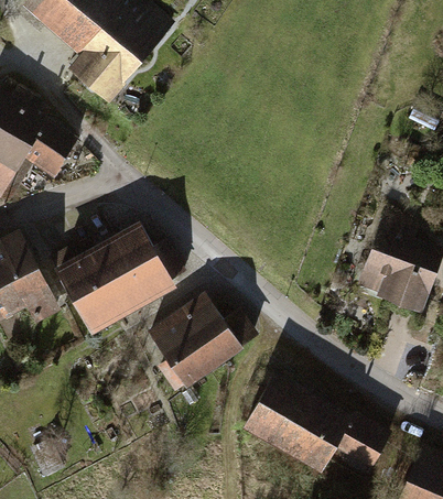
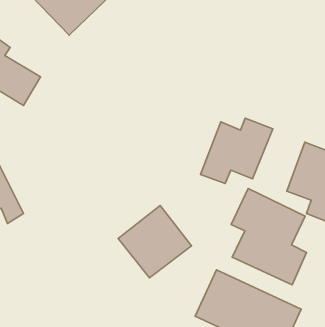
building: none -> [200,118,273,184]
building: [41,230,170,327] -> none
building: none -> [231,188,307,285]

